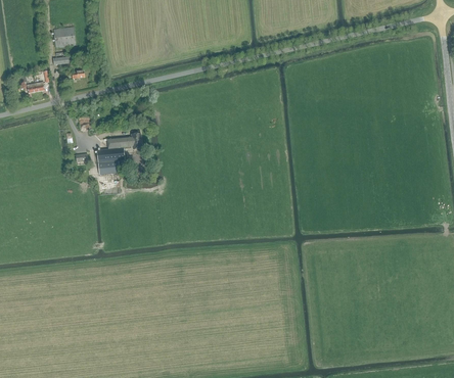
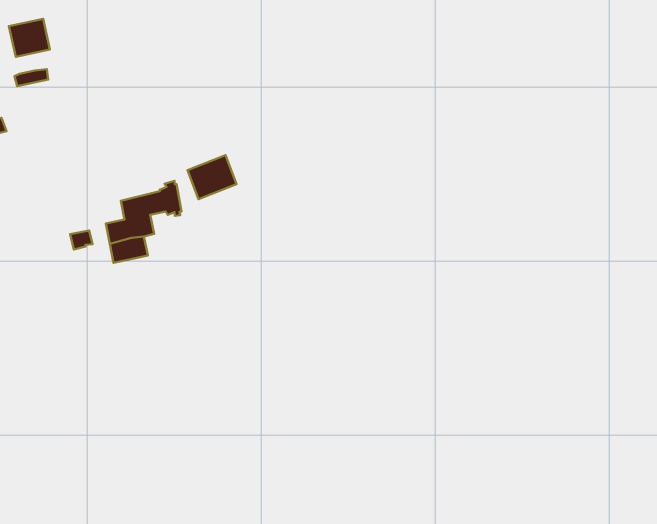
building: none -> [188,155,236,199]

